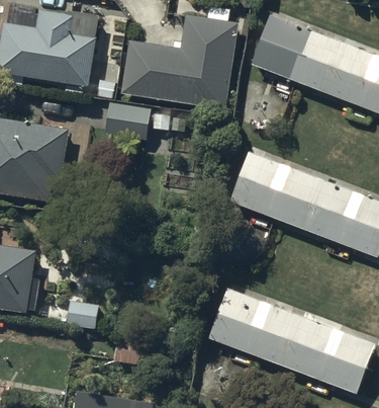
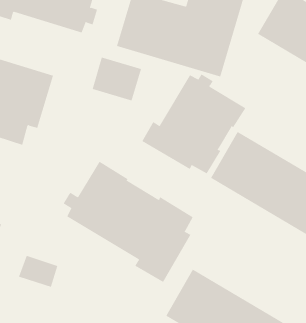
building: none -> [141,73,246,174]
building: none -> [63,161,194,283]

